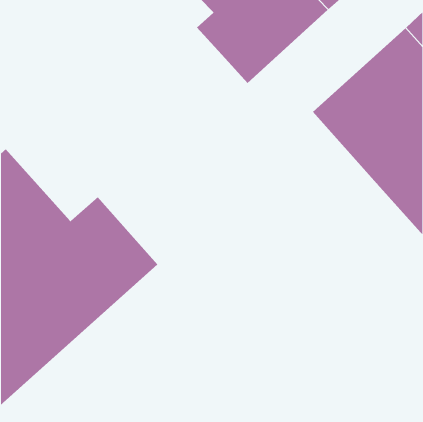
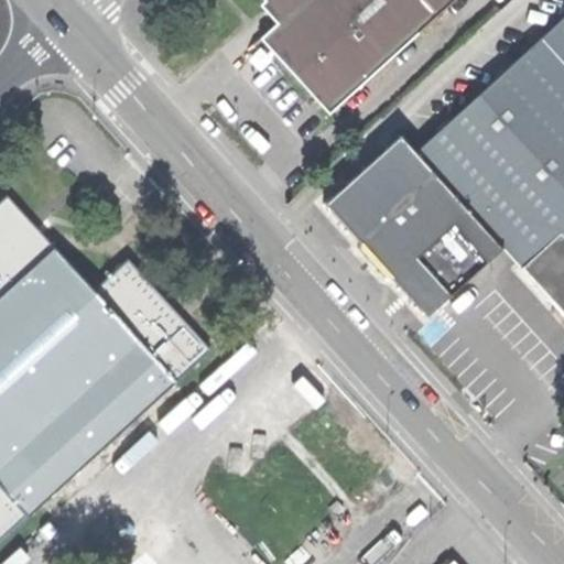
building: none -> [324,133,501,314]

